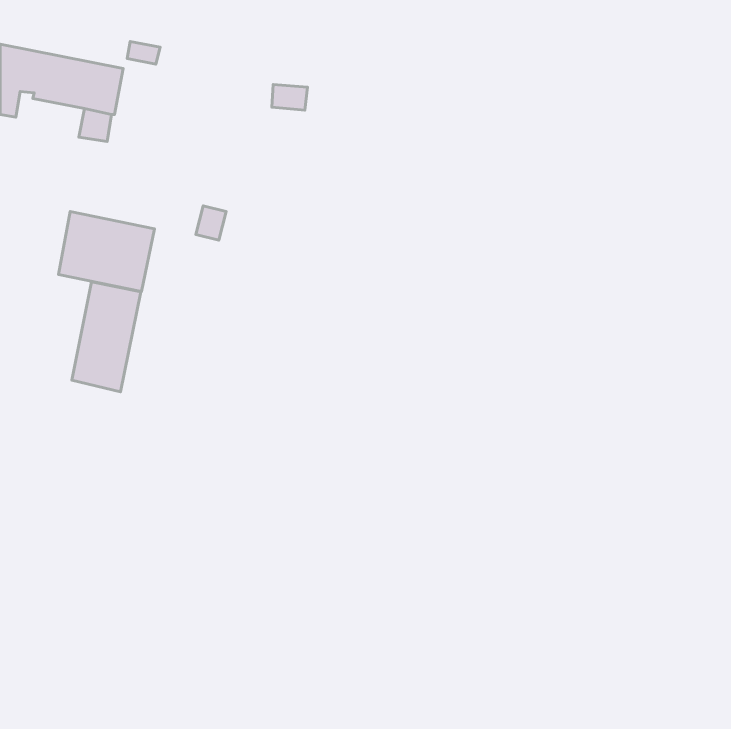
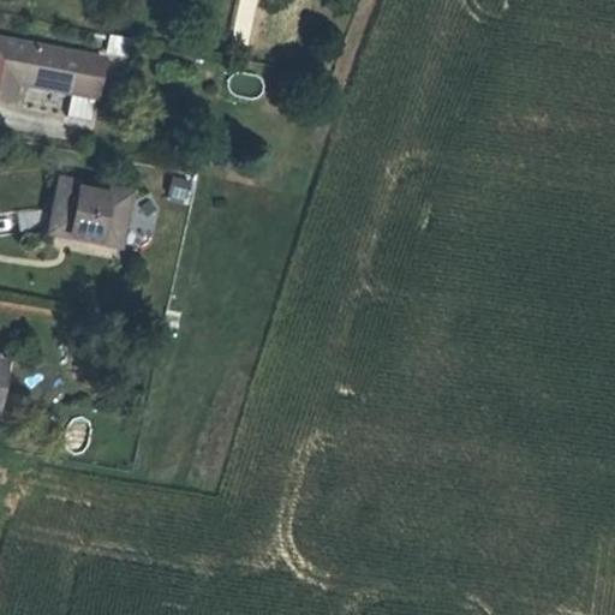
building: [72,282,141,392] -> none

